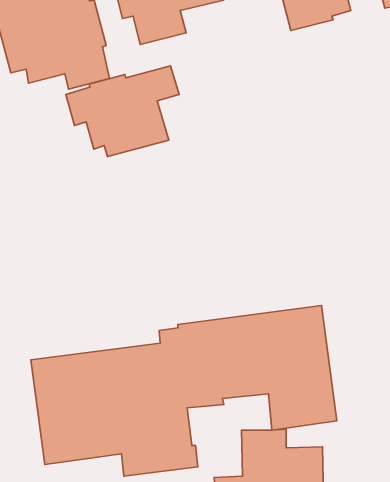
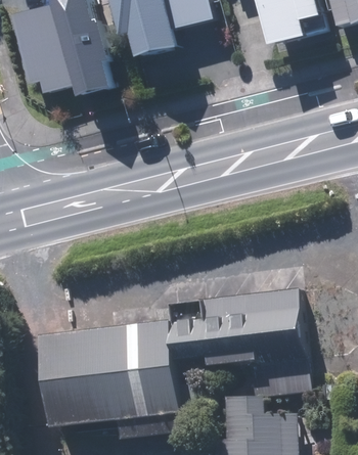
building: [66,66,179,157] -> none

